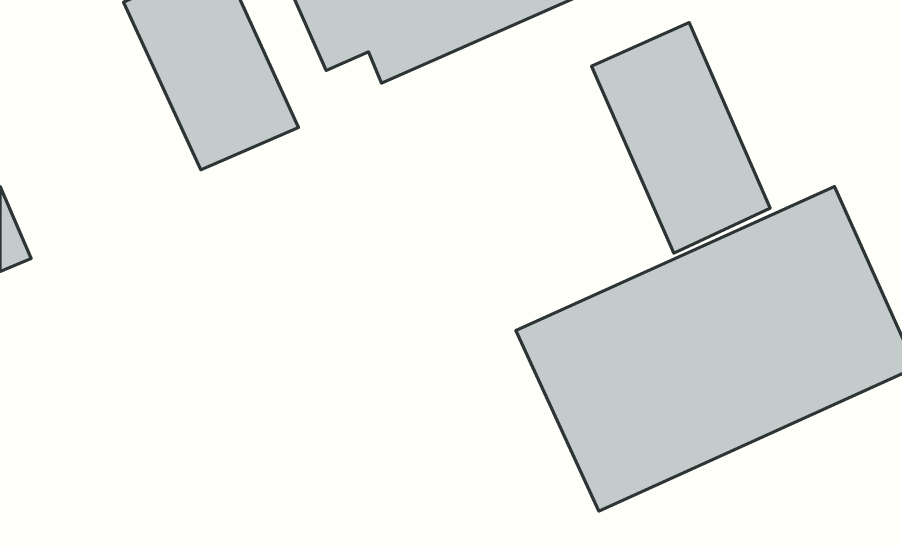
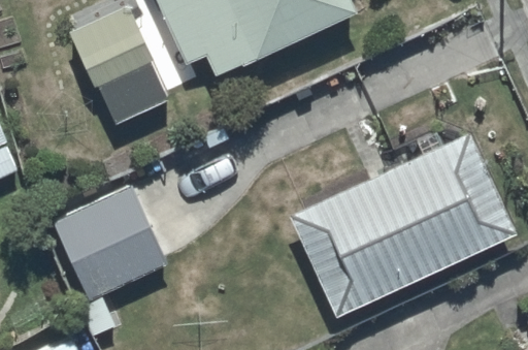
building: [591,23,770,253] -> none
building: none -> [52,185,166,301]

